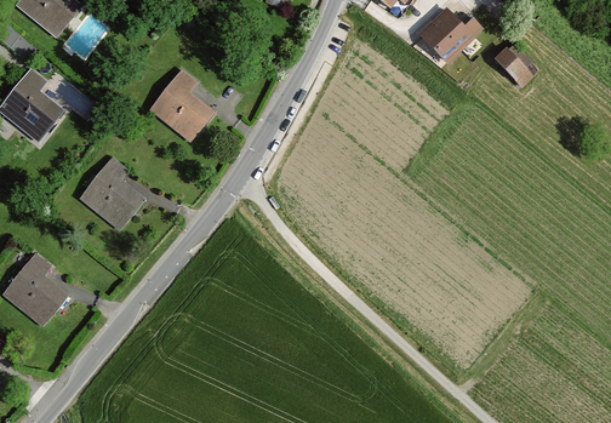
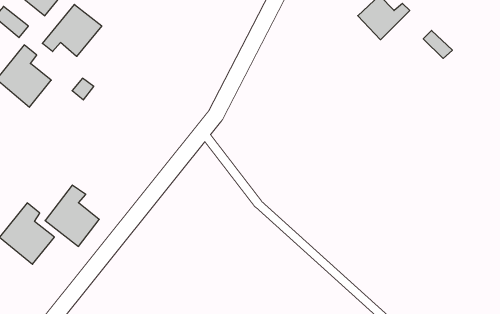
building: none -> [42,4,102,56]
building: [150,69,213,141] -> none
building: [81,158,144,229] -> [45,185,99,246]

